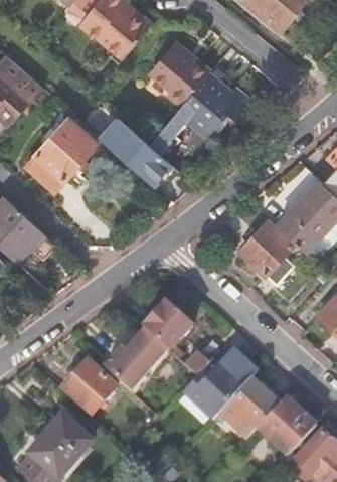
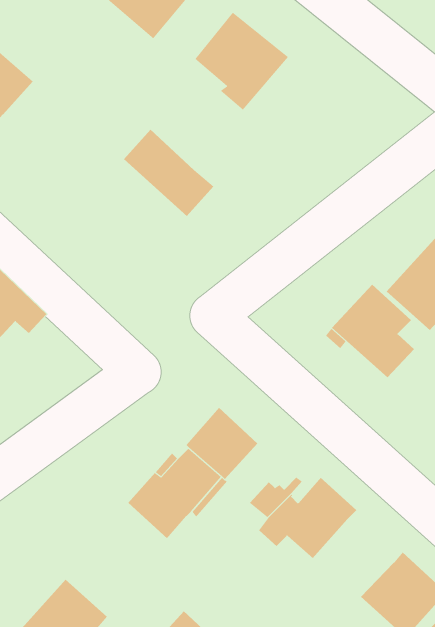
building: [175,62,255,144] -> none
building: [24,117,97,191] -> none
building: [61,359,118,417] -> none
building: [226,377,281,432] -> none

